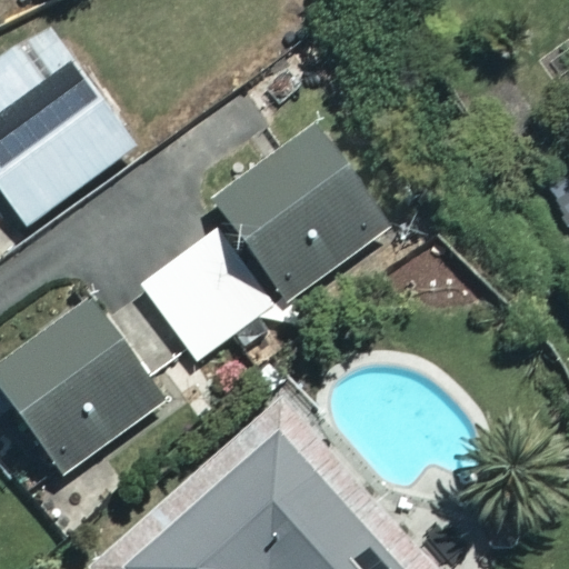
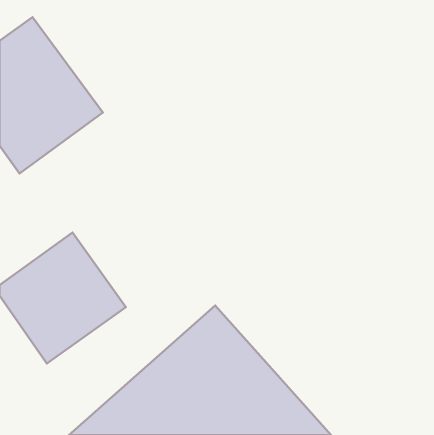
building: [213,119,396,299] -> none
building: [140,231,269,362] -> none

